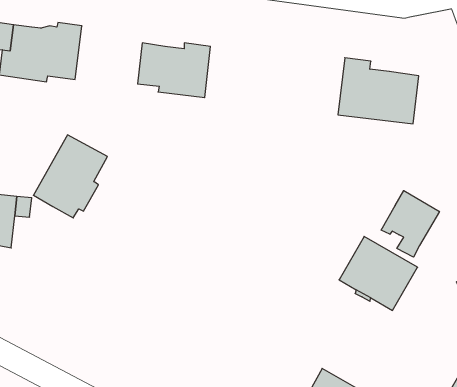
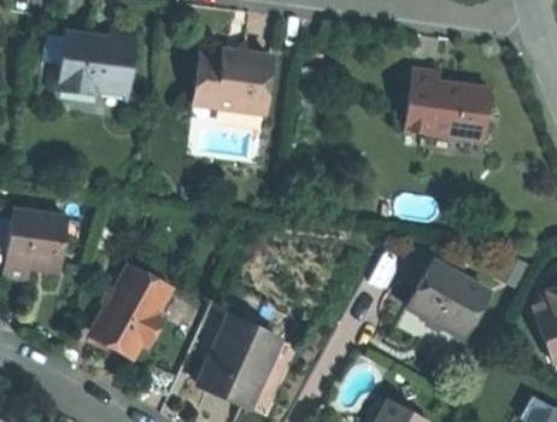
building: [33,135,107,218] -> [93,264,171,352]
building: [381,191,439,257] -> none
building: none -> [197,315,281,408]

